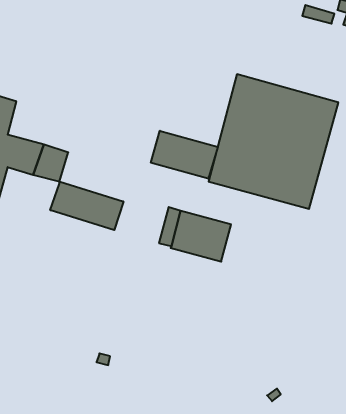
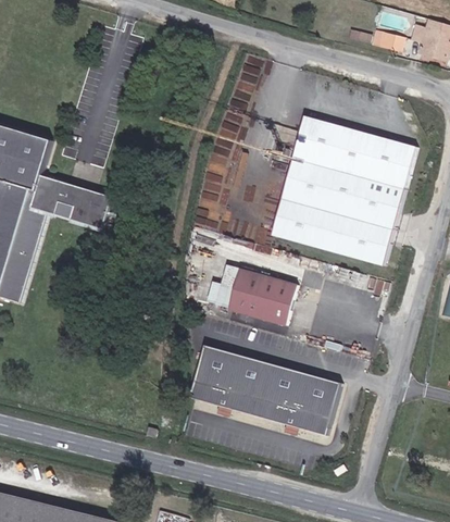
building: [151,131,218,179] -> none
building: [50,182,123,230] -> none
building: none -> [188,343,340,433]

